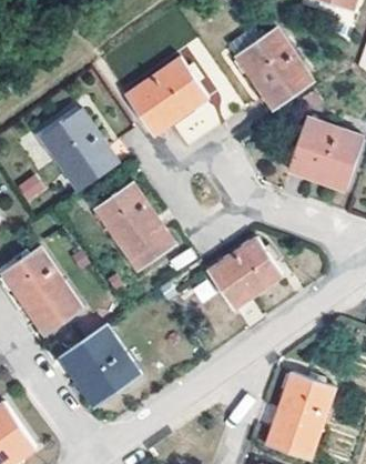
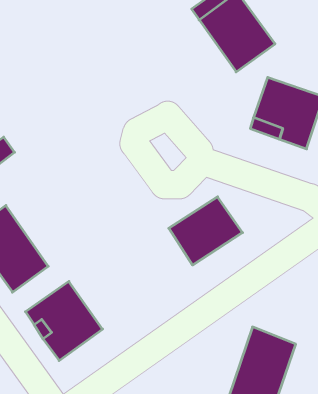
building: [125,57,209,132] -> none
building: [39,109,116,191] -> none
building: [94,182,174,270] -> none

